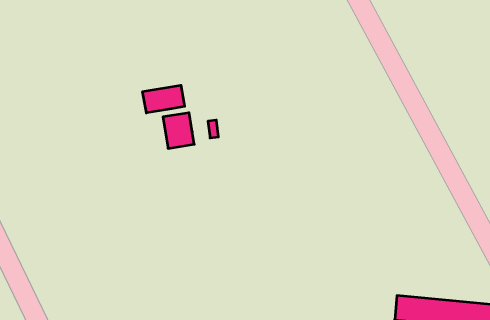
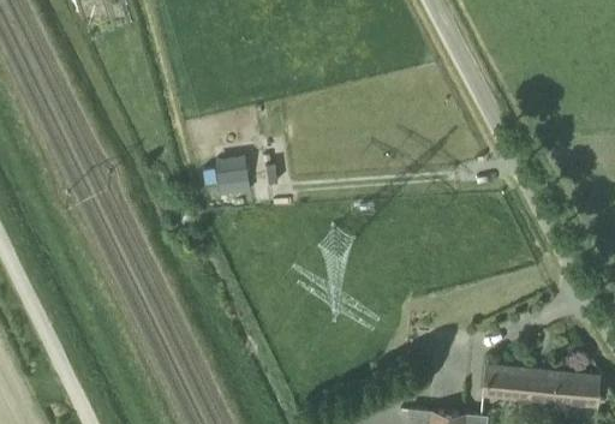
building: [143,85,185,113] -> none

